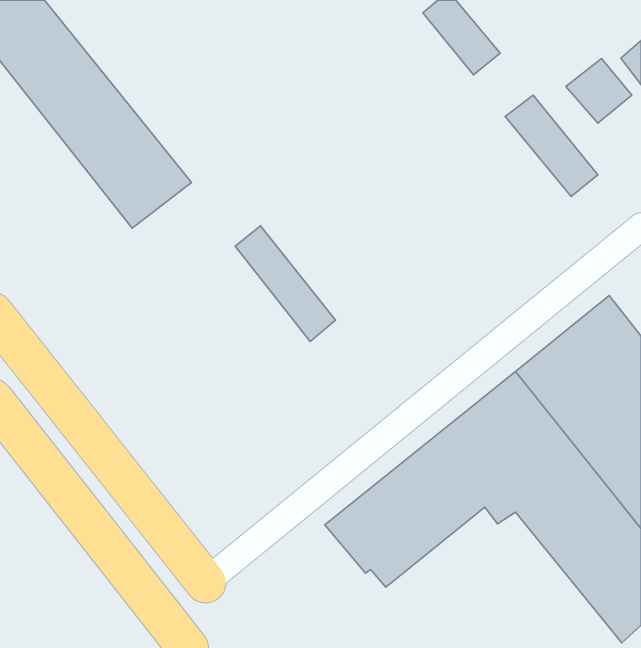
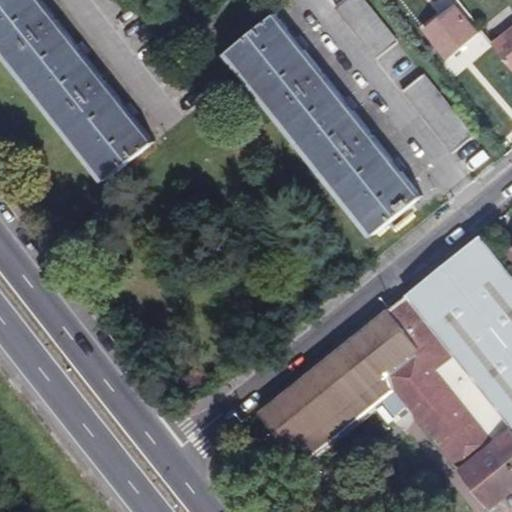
building: none -> [229,17,417,233]
building: [566,59,632,123] -> [421,7,473,58]
building: [235,226,335,341] -> none

